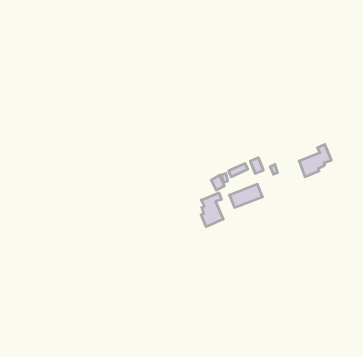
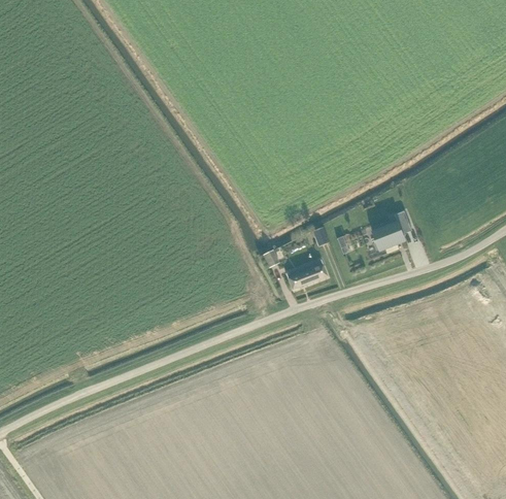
building: [201,193,223,227] -> none

